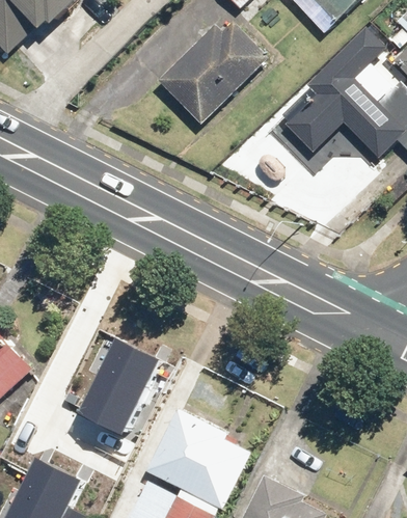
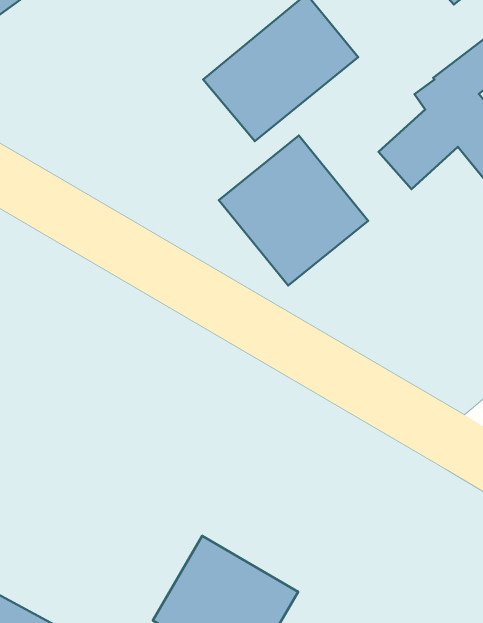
building: none -> [219,135,368,285]
building: [78,338,159,435] -> none

